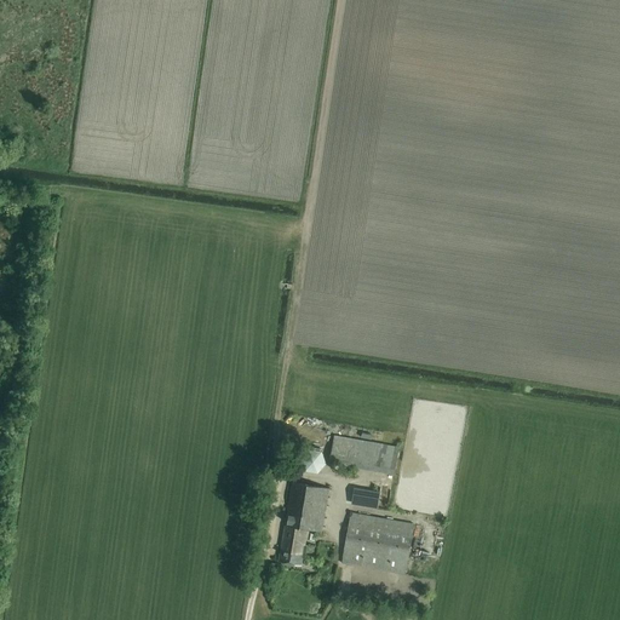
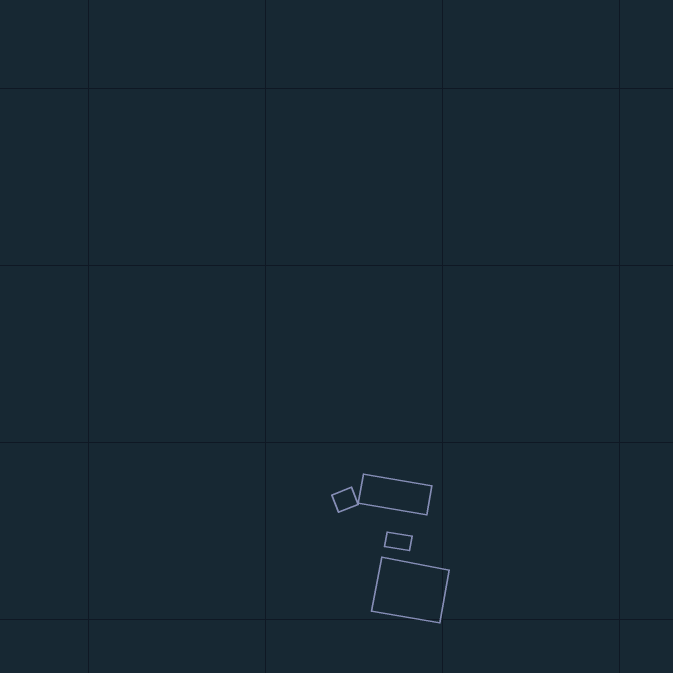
building: [279,482,328,564] -> none

